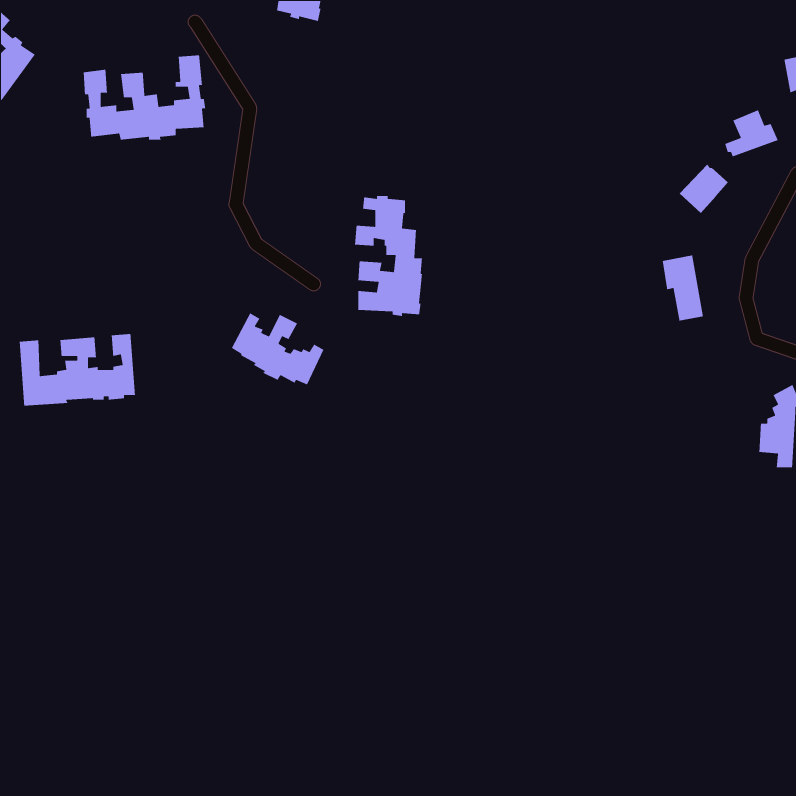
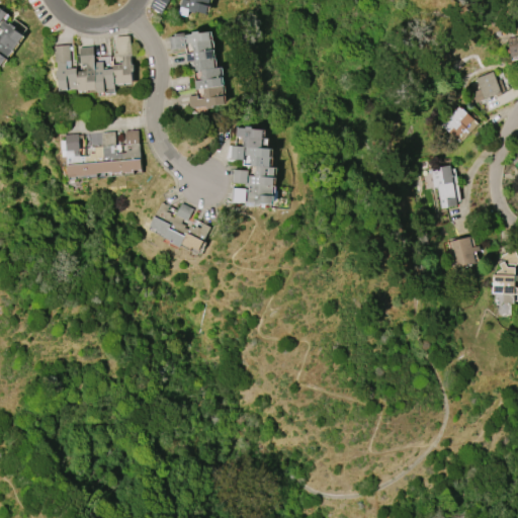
building: none -> [169,32,226,110]
building: [19,333,136,407] -> [66,131,142,178]
building: none -> [451,238,481,268]

